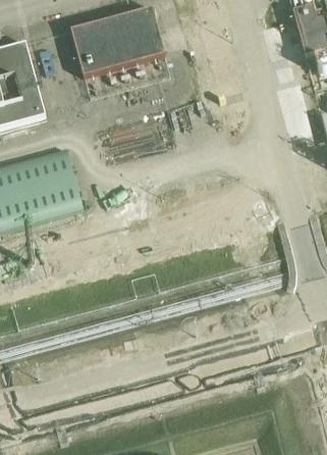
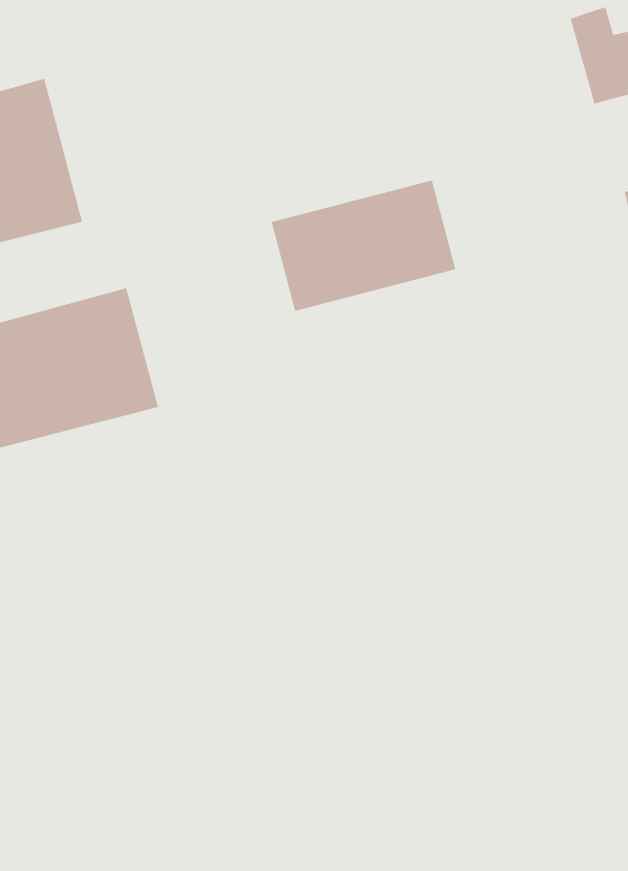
building: [68,8,163,75] -> [271,180,456,311]

